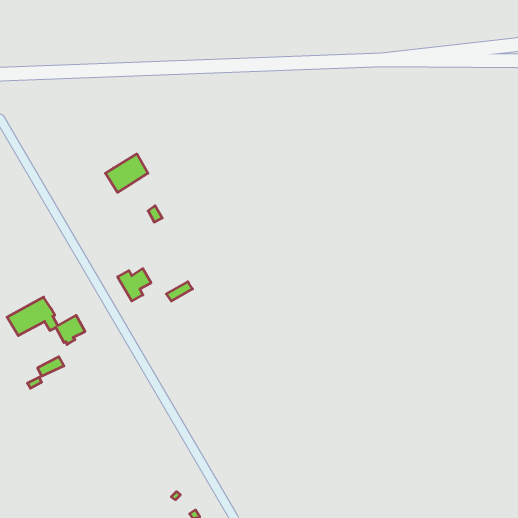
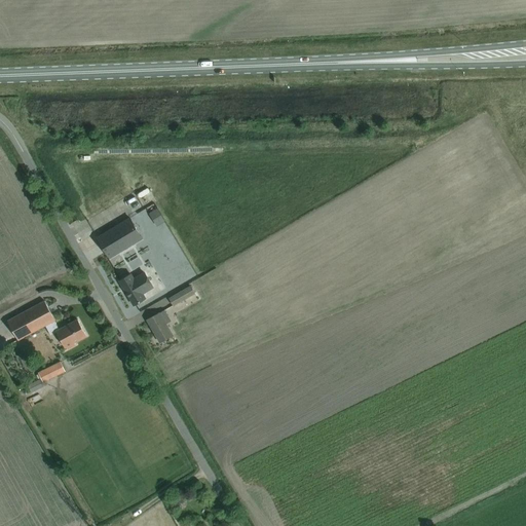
building: [105,154,148,192] -> [98,218,141,257]
building: none -> [147,310,173,342]

